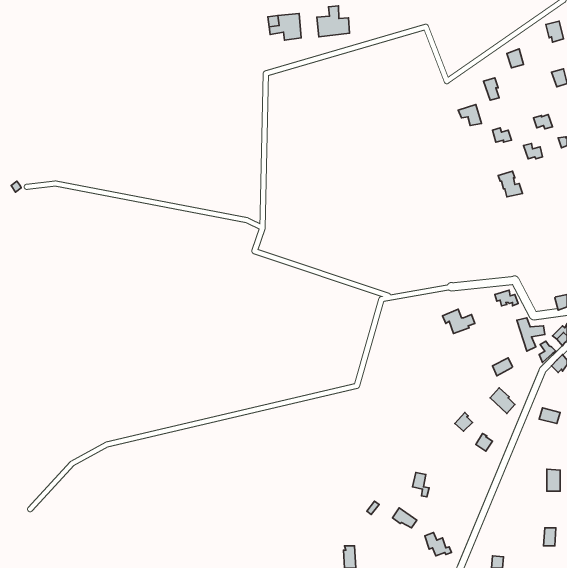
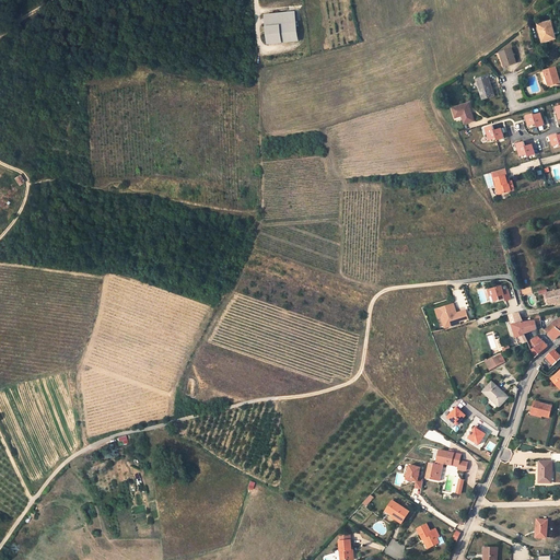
building: [317,6,350,37] -> none
building: none -> [424,450,467,480]

